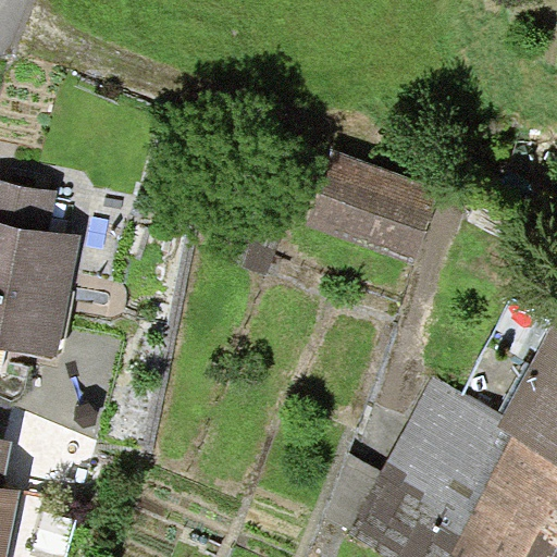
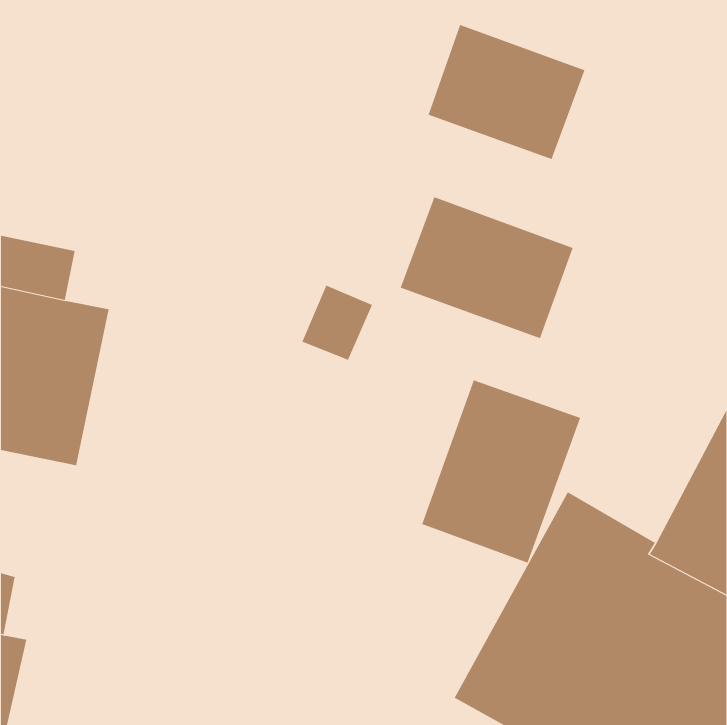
building: none -> [428,24,585,160]
building: none -> [421,380,581,564]

